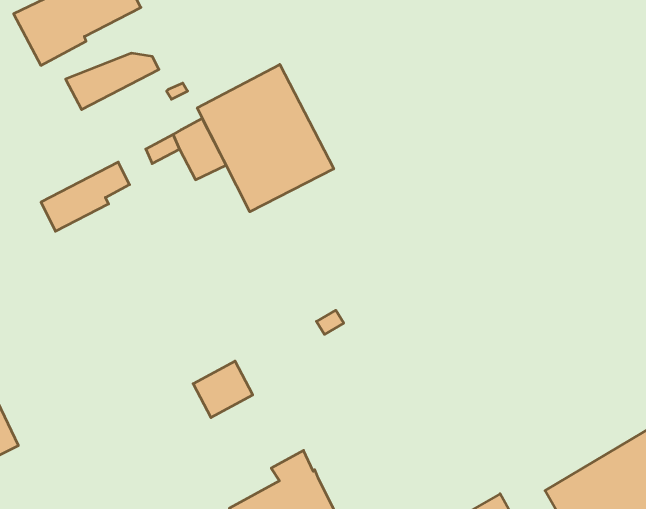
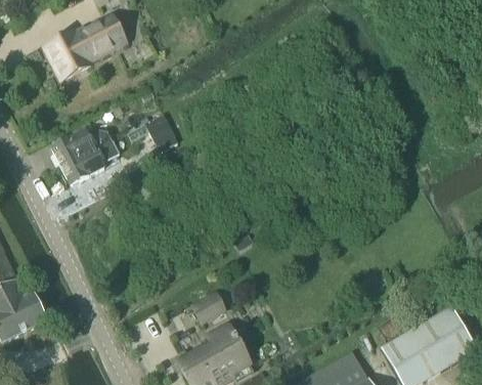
building: [66,53,159,110] -> [51,129,111,165]
building: [197,64,334,212] -> none
building: [193,361,253,418] -> [190,289,228,325]

